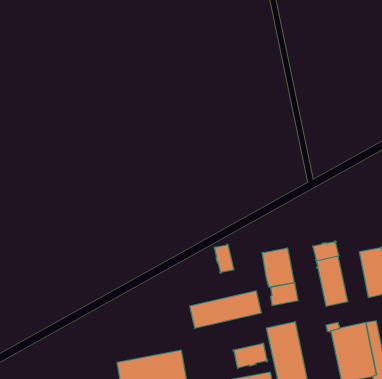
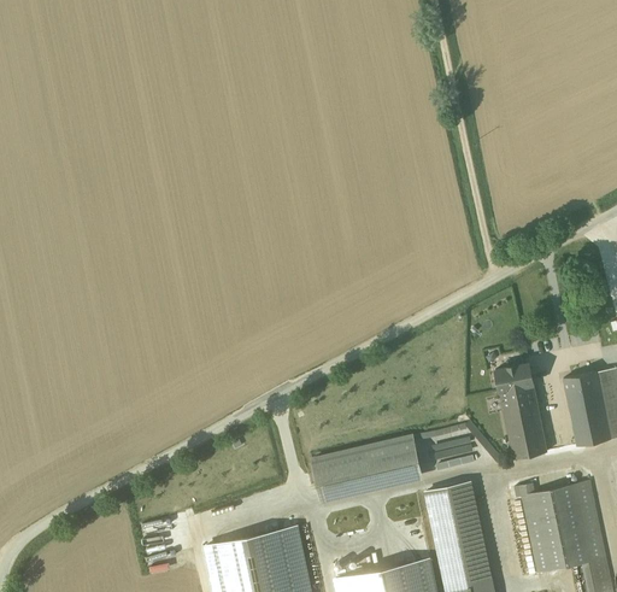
building: [214,244,234,273] -> none
building: [262,248,294,287] -> none
building: [233,343,268,368] -> none

